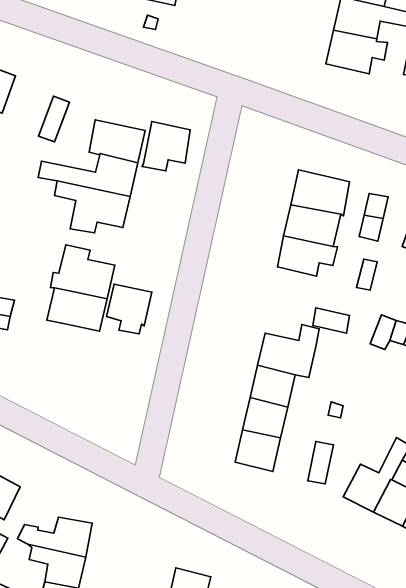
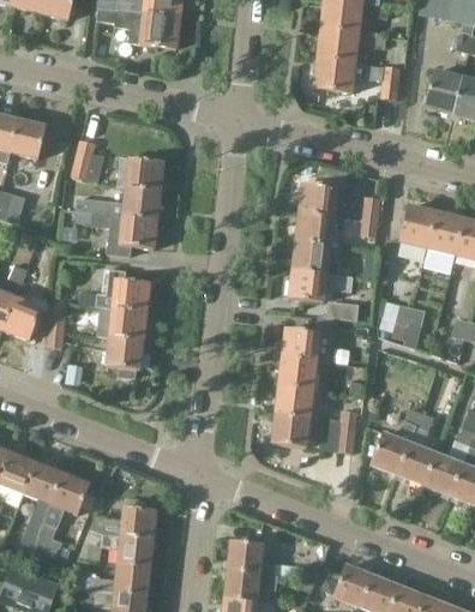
building: [142,121,190,171] -> none
building: none -> [288,269,354,302]
building: [107,284,152,334] -> [106,337,143,378]

